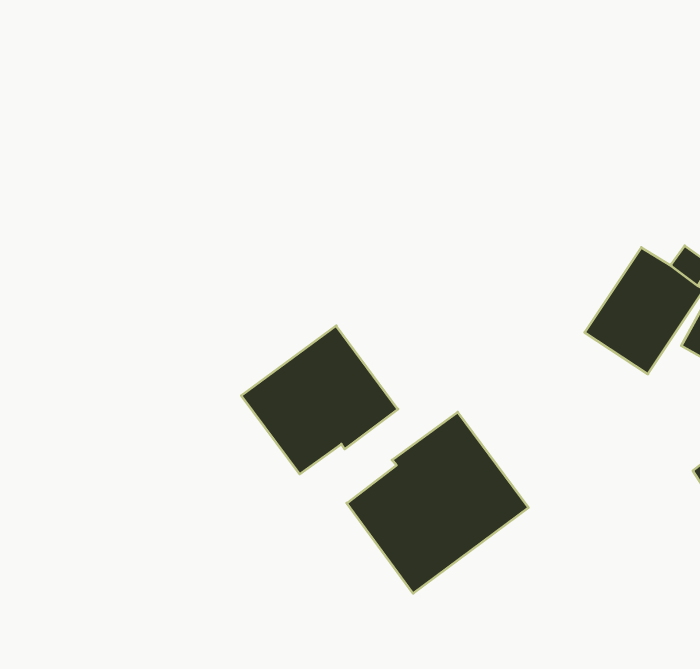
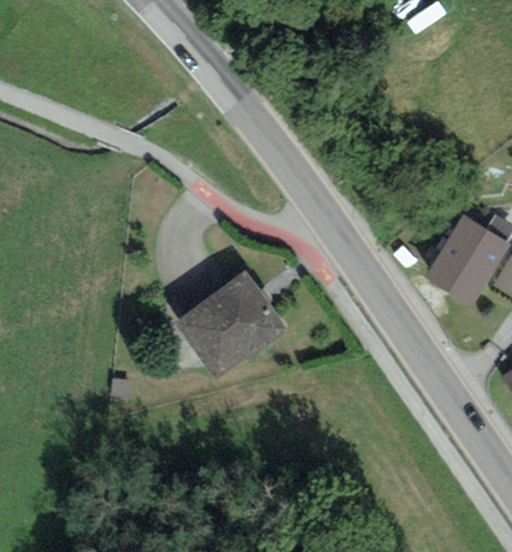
building: [347,412,528,593] -> none

